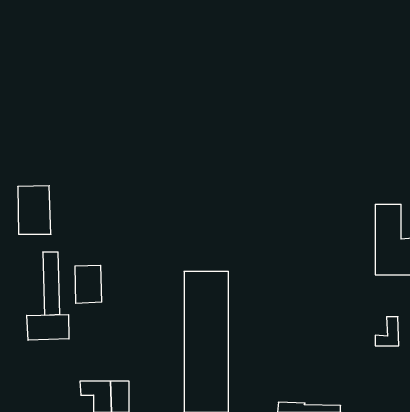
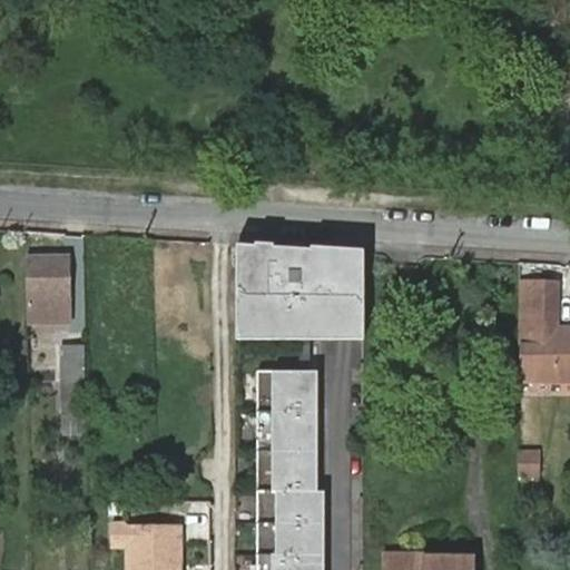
building: none -> [235,244,365,340]
building: [75,265,102,303] -> none
building: [27,315,69,340] -> none

